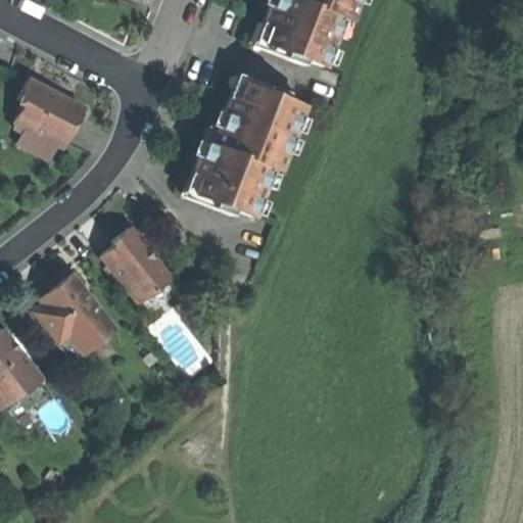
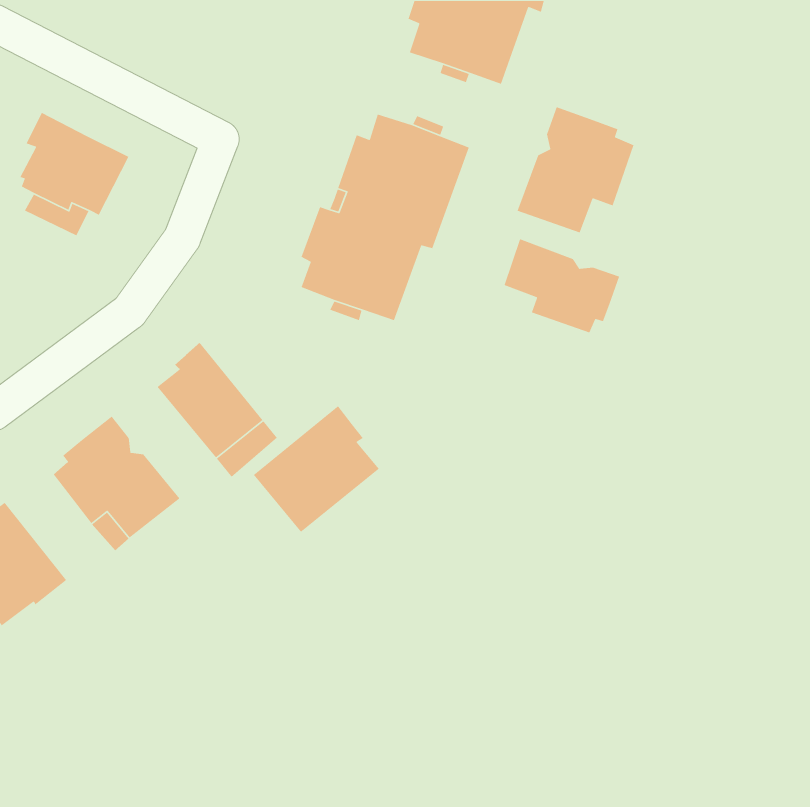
building: none -> [516,106,634,233]
building: none -> [503,238,620,333]
building: none -> [253,405,380,533]

